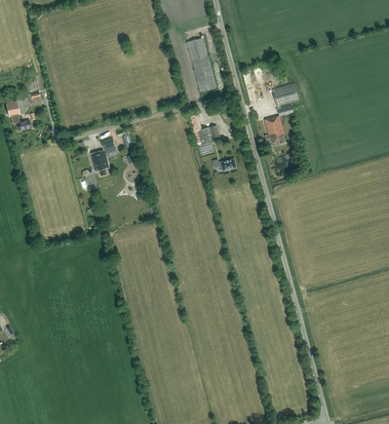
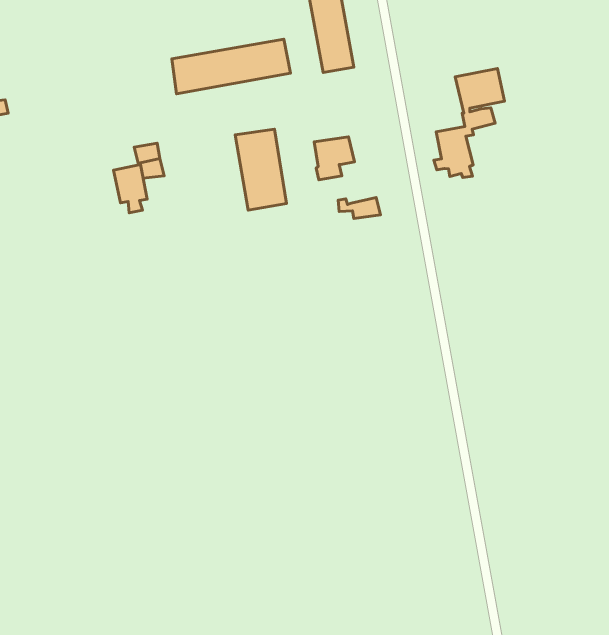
building: none -> [172,39,291,94]
building: none -> [235,129,287,210]

